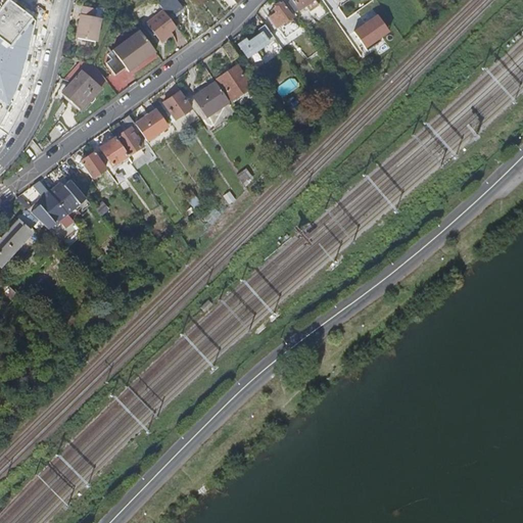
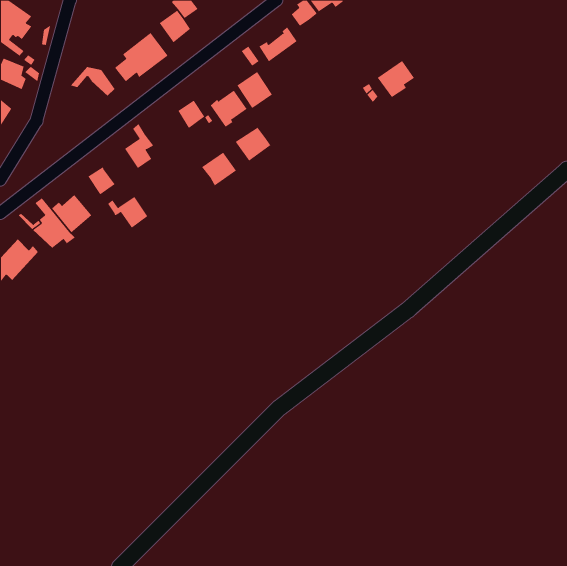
building: [77,12,101,40] -> none
building: [352,16,387,51] -> [377,60,415,98]
building: [62,72,99,109] -> none
building: [134,110,167,142] -> [201,152,237,186]
building: none -> [235,127,271,161]
building: [89,138,127,168] -> [107,196,148,228]

